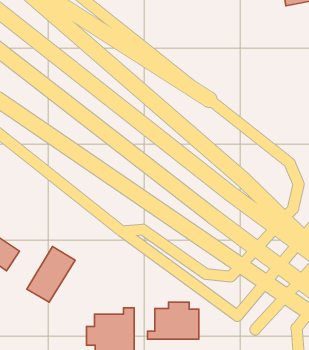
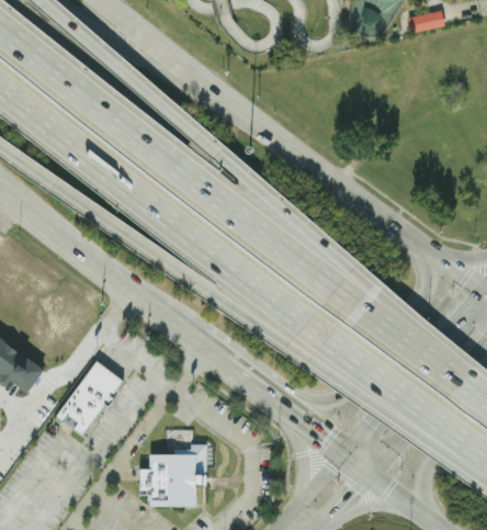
building: [148,302,199,339] -> none

